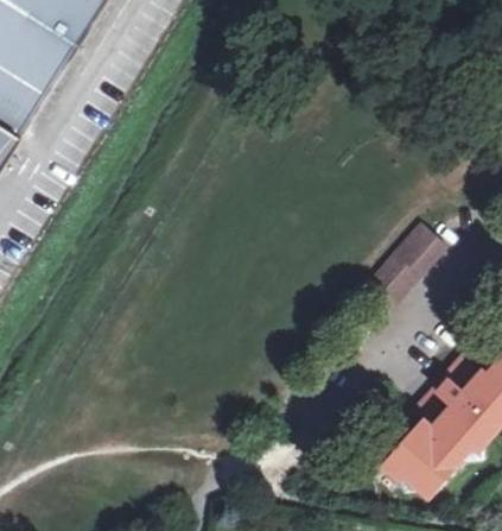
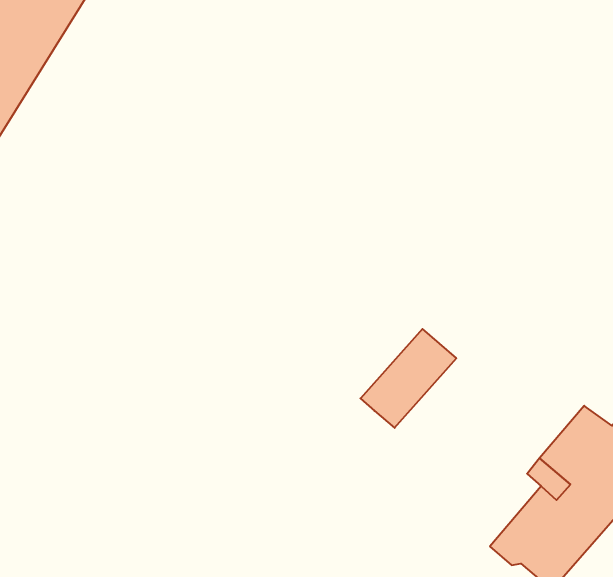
building: [370,223,444,299] -> [360,329,456,428]

